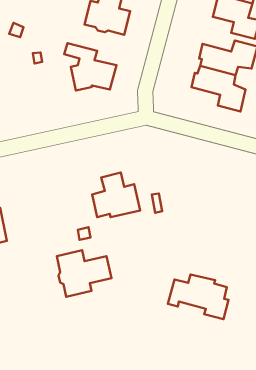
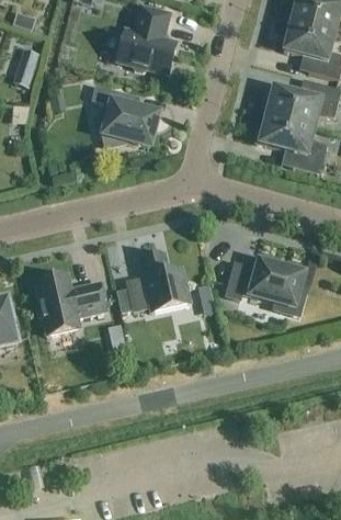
building: [57,250,112,297] -> [34,273,105,334]
building: [168,274,229,319] -> [226,256,305,314]

